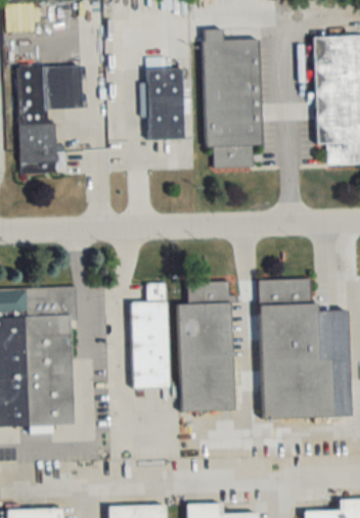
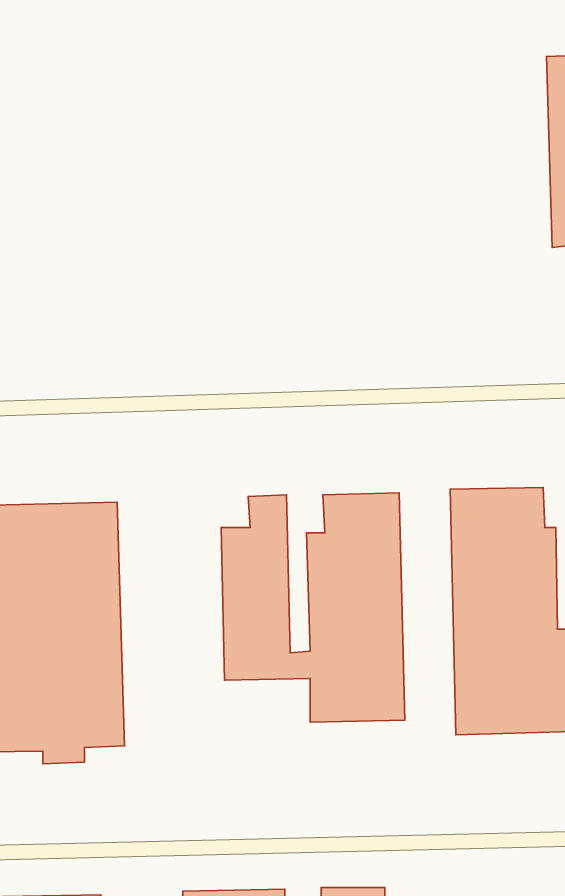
building: [202,29,262,167] -> none
building: [16,64,83,173] -> none
building: [147,67,184,139] -> none

